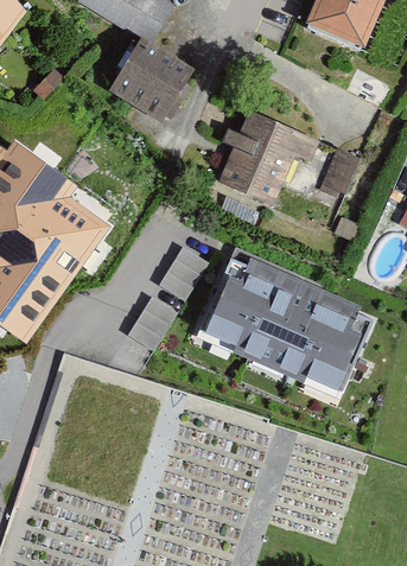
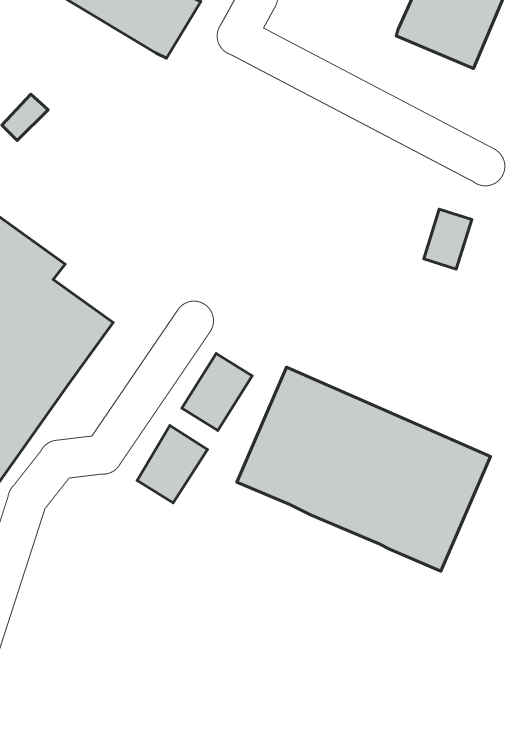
building: [110,39,192,121] -> none
building: [221,113,317,204] -> none

